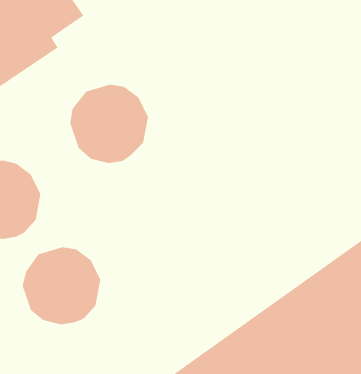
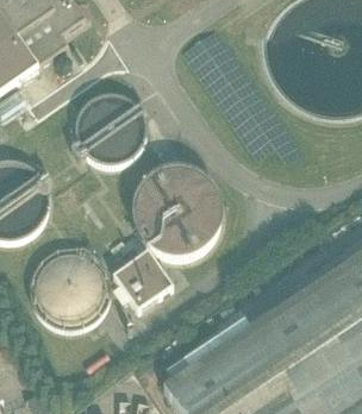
building: none -> [130,163,218,251]
building: none -> [114,250,169,303]

